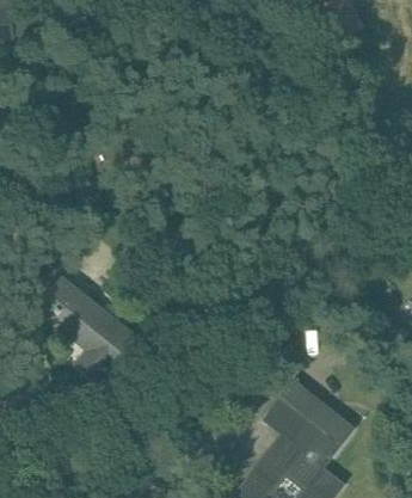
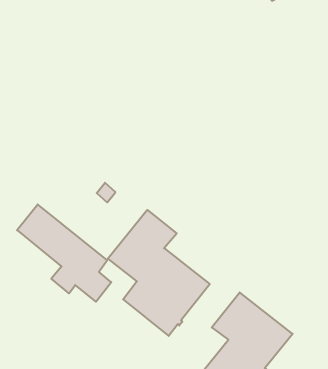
building: none -> [108,210,210,336]

